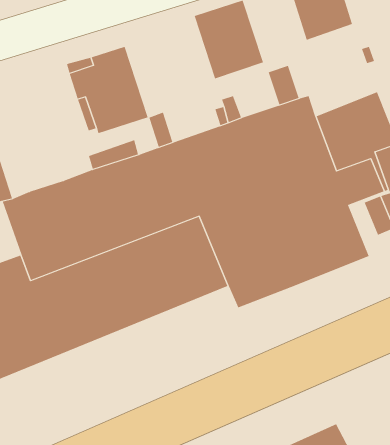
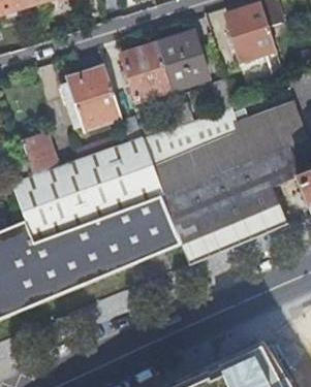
building: none -> [120,43,172,102]
building: none -> [22,134,58,175]

